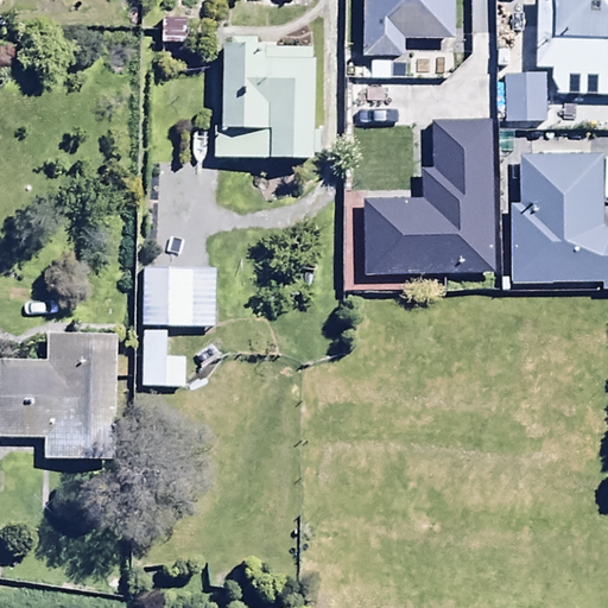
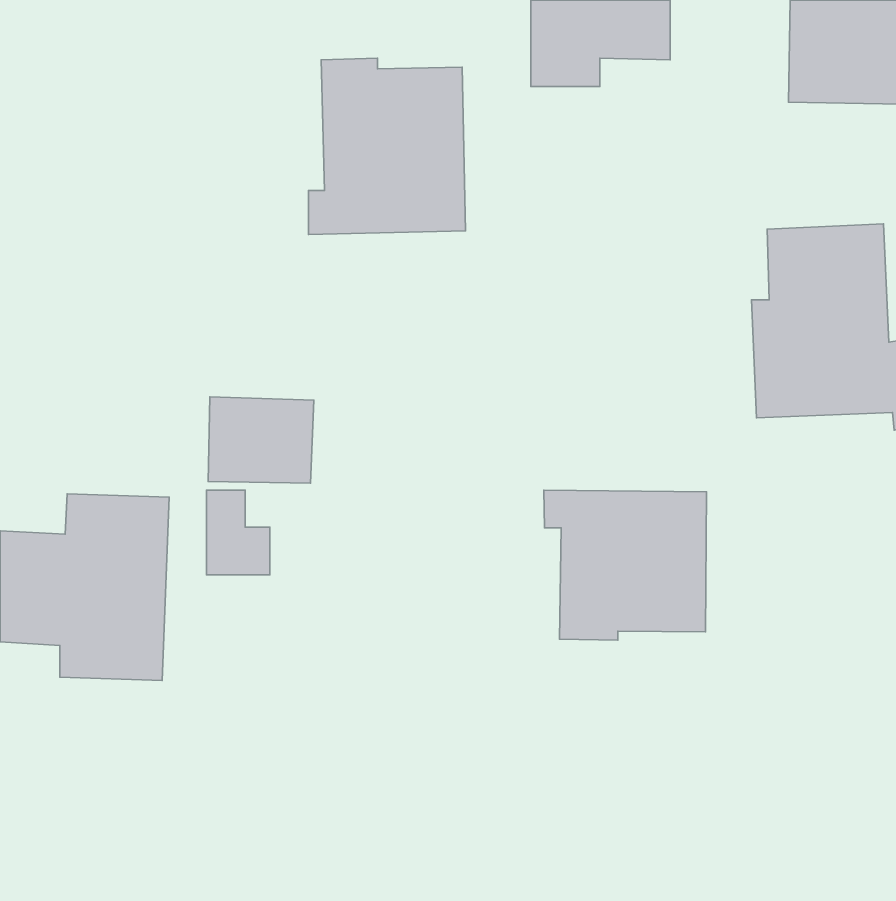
building: [505,74,547,122] -> none
building: [367,121,495,273] -> none
building: none -> [544,490,707,640]

